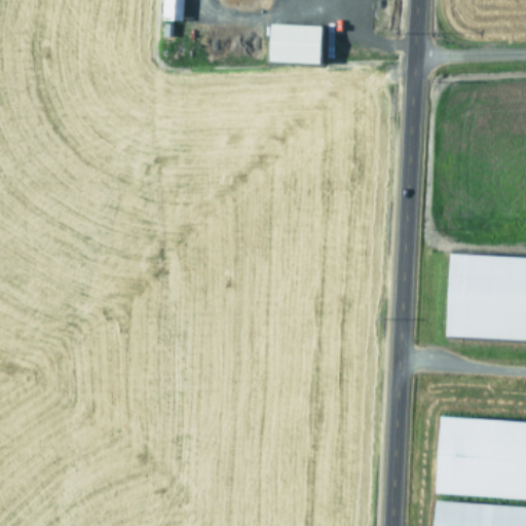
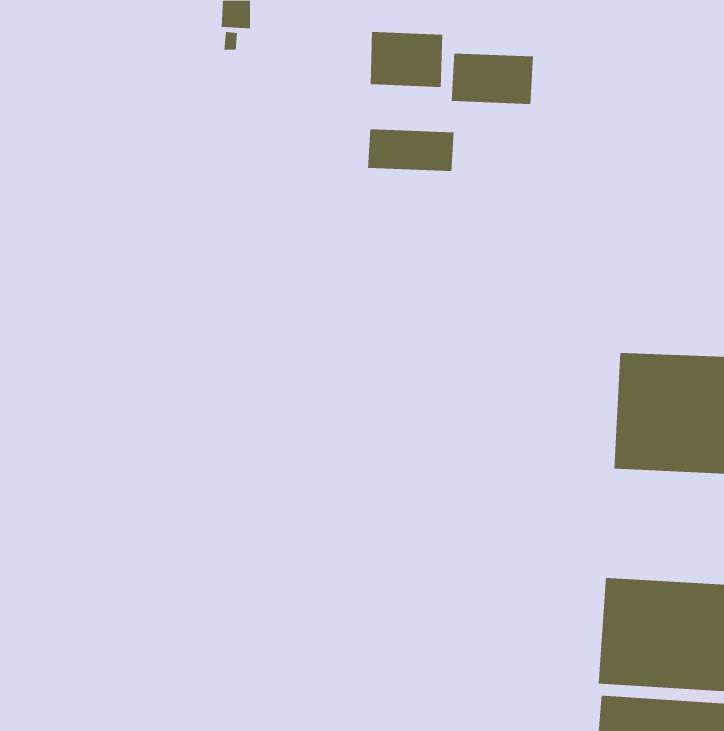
building: none -> [451,53,533,105]
building: none -> [367,129,454,172]

